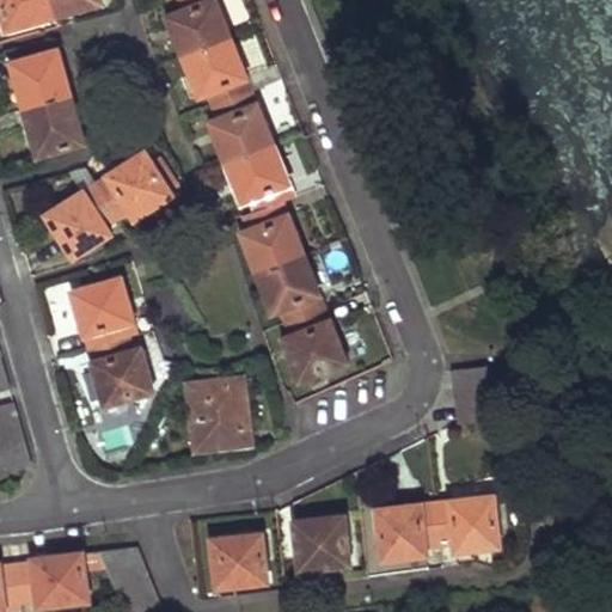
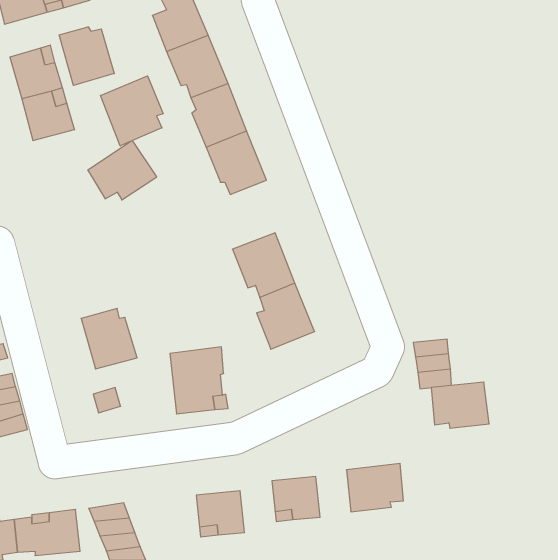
building: none -> [59,27,114,85]
building: none -> [101,76,163,146]
building: [45,185,115,258] -> none
building: [239,201,300,271] -> none
building: [72,275,129,347] -> none
building: [436,498,500,549] -> [431,382,489,428]

